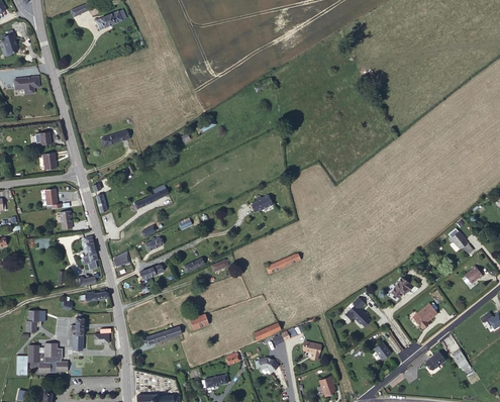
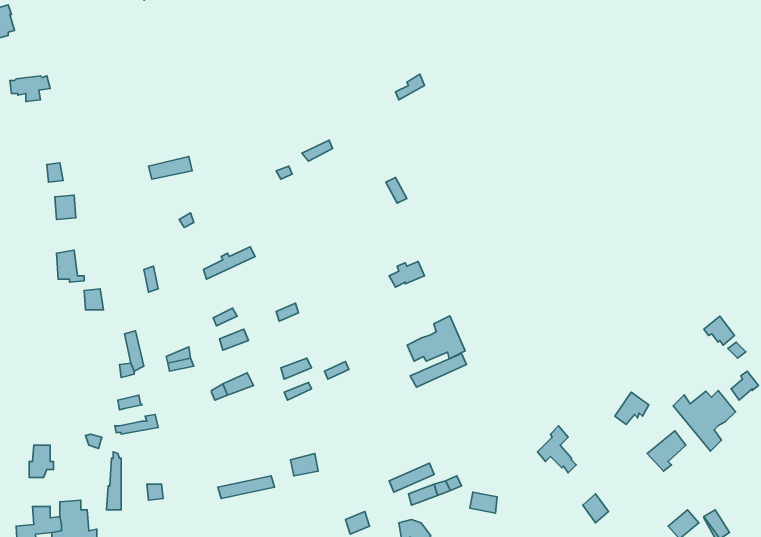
building: none -> [407,316,465,361]
building: none -> [673,391,735,451]

